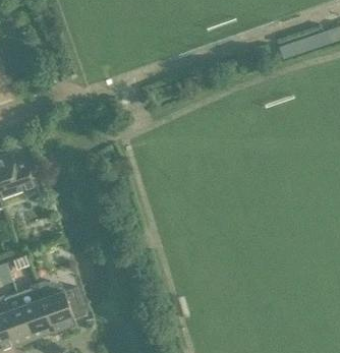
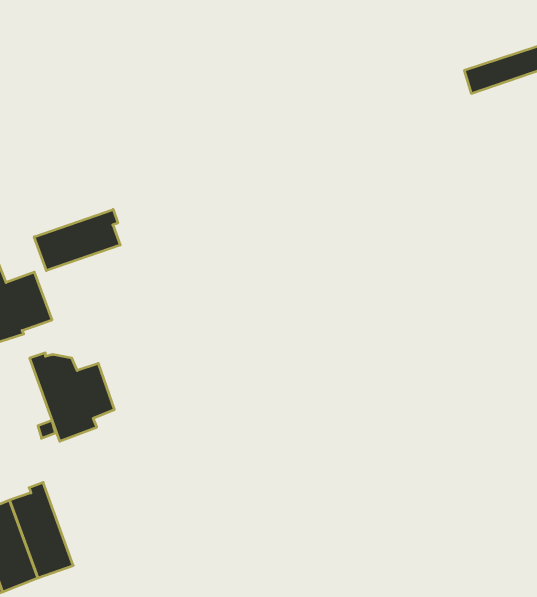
building: none -> [34,209,120,271]
building: [37,280,86,331] -> [30,353,114,441]

